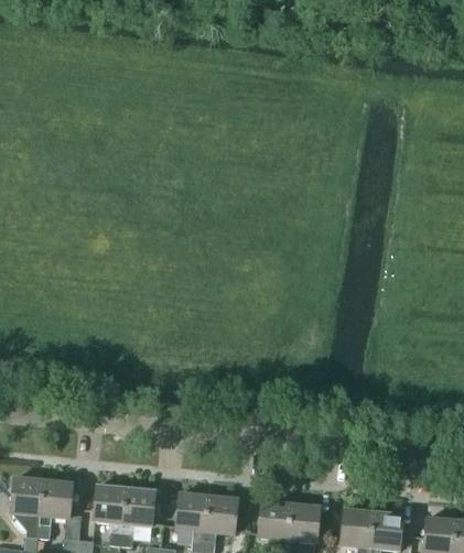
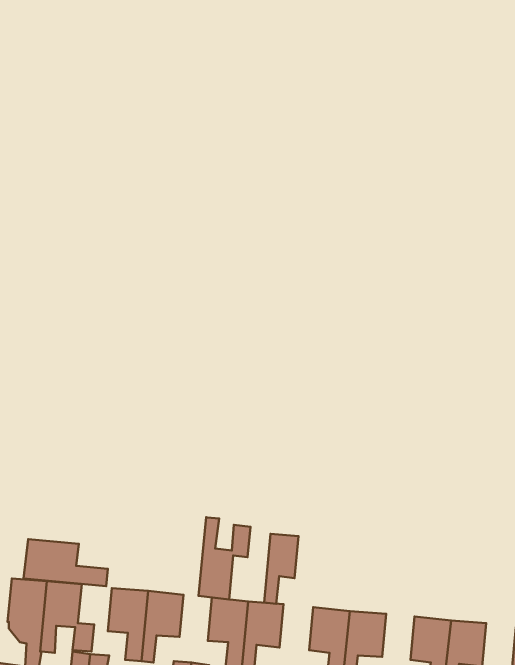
building: none -> [199,517,250,599]
building: none -> [264,534,298,604]
building: none -> [24,539,108,586]

